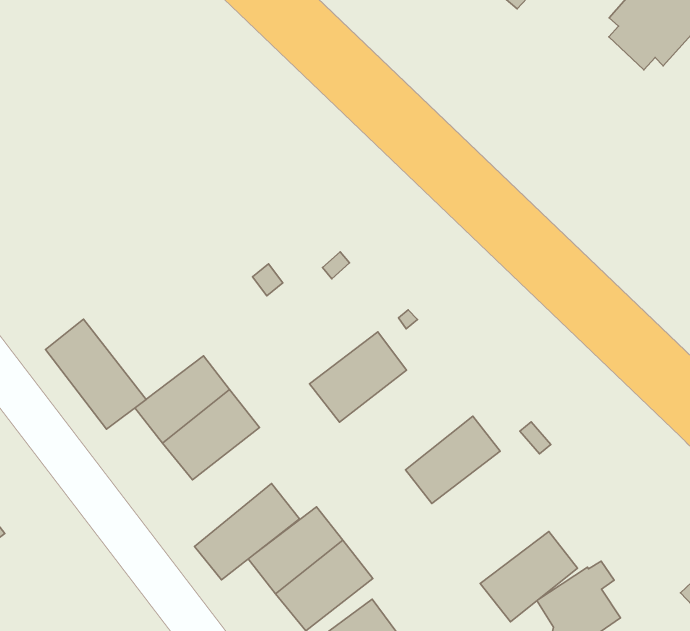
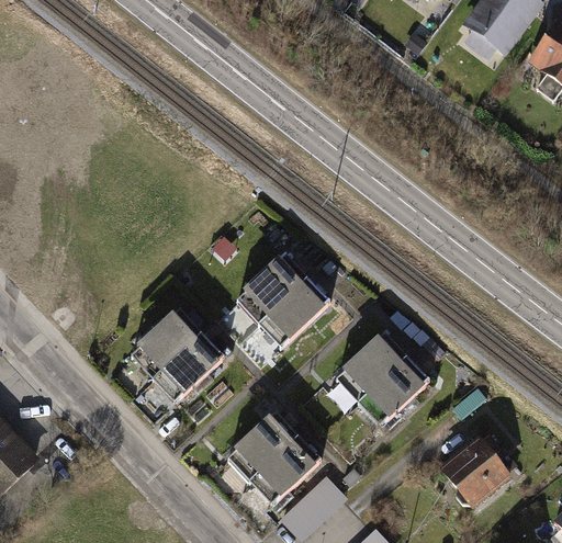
building: none -> [237,252,306,320]
building: [45,319,146,429] -> none
building: [195,484,299,580] -> none
building: [480,531,578,622] -> [359,357,430,427]

